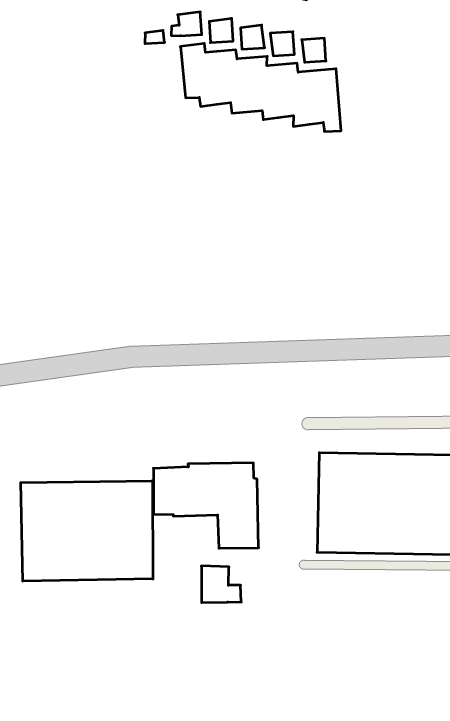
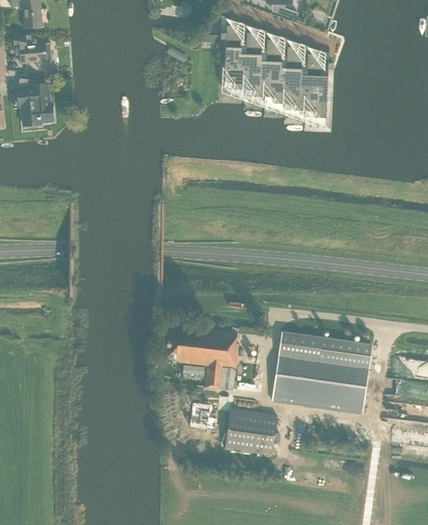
building: [21,481,153,581] -> none
building: none -> [225,409,277,455]

